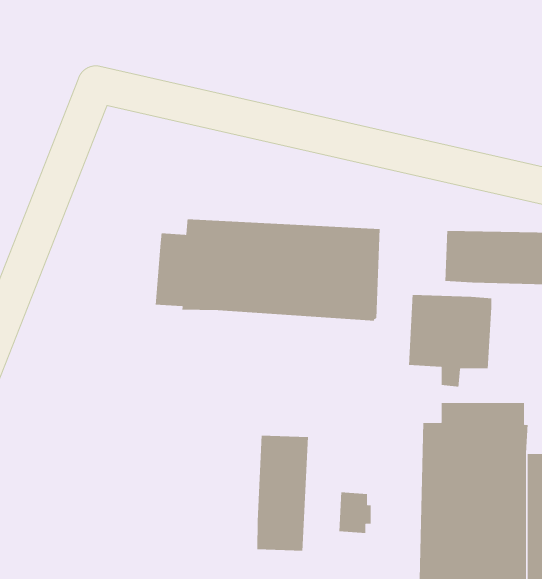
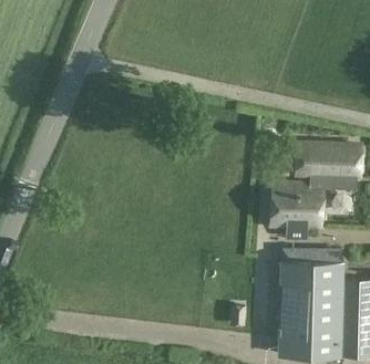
building: [155,218,380,322] -> none
building: [257,435,309,551] -> none

